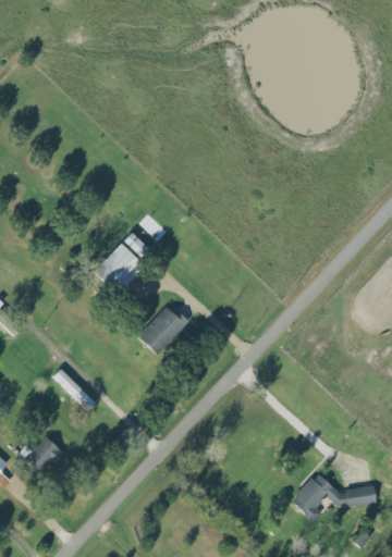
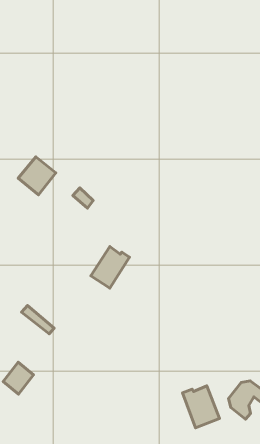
building: [99,244,145,289] -> [18,157,56,195]
building: none -> [183,386,219,428]

